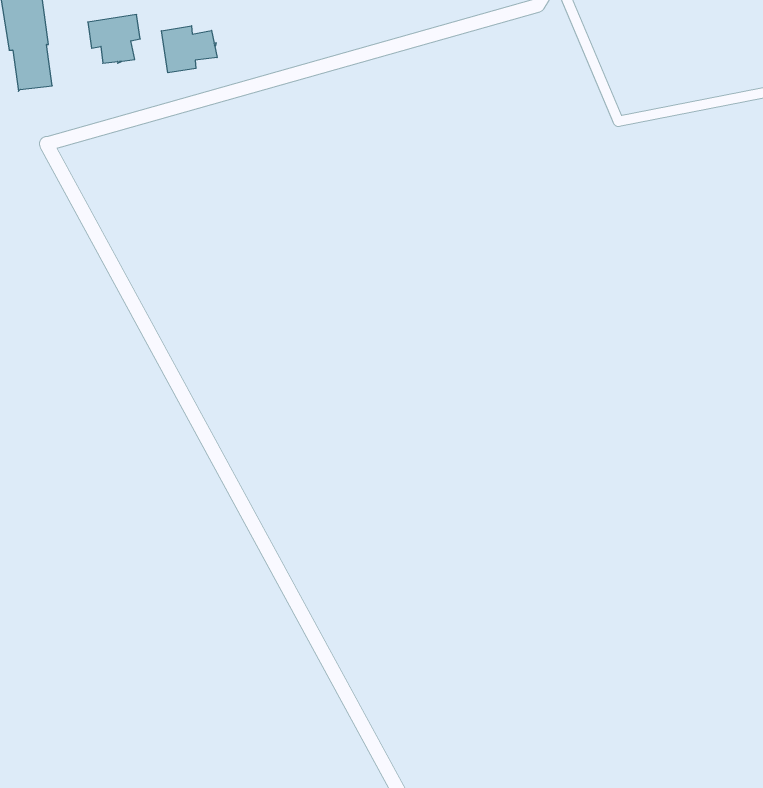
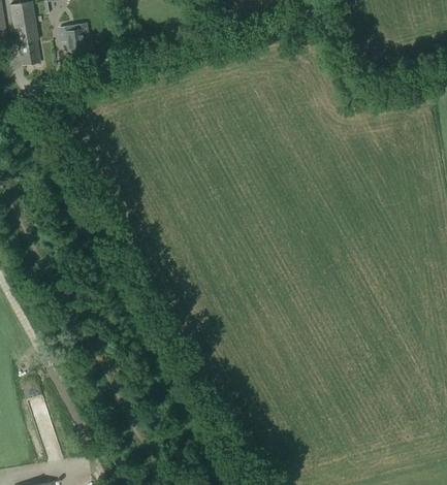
building: [161,26,217,73] -> none

